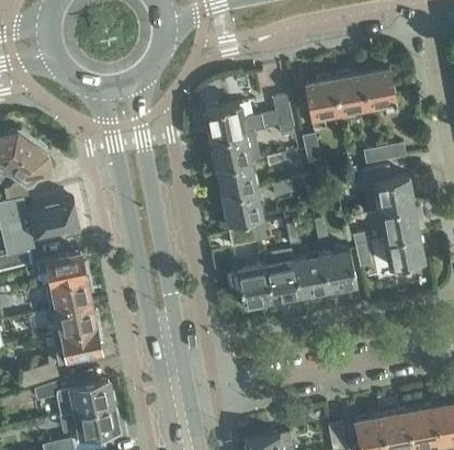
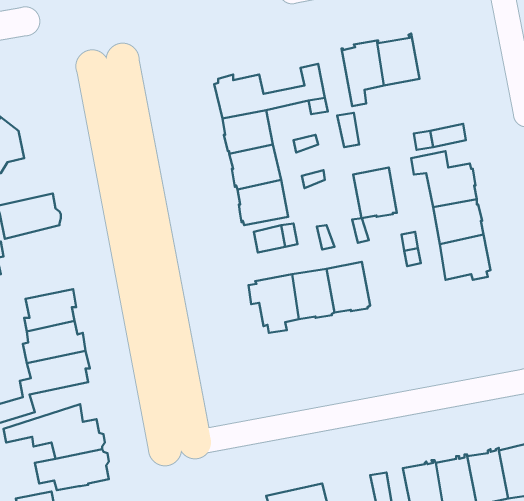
building: [361,68,397,115] -> none
building: [321,249,356,290] -> [353,168,397,218]
building: [38,252,90,284] -> none

